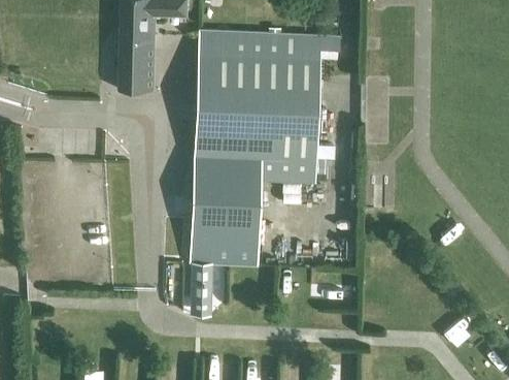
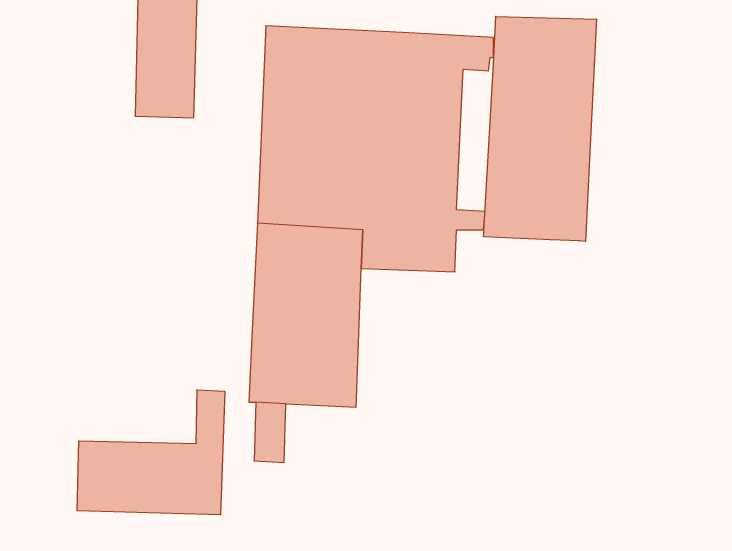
building: none -> [484,16,596,242]
building: none -> [77,390,225,515]

